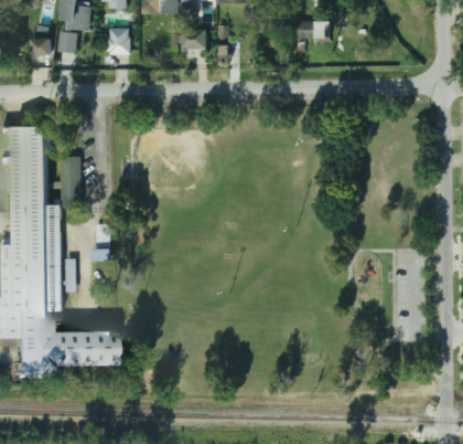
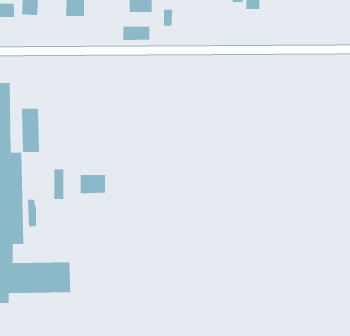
building: none -> [123,26,150,41]
building: none -> [80,174,106,194]

